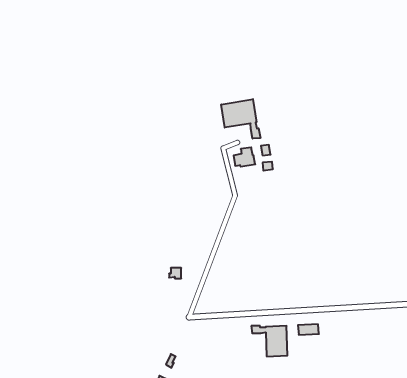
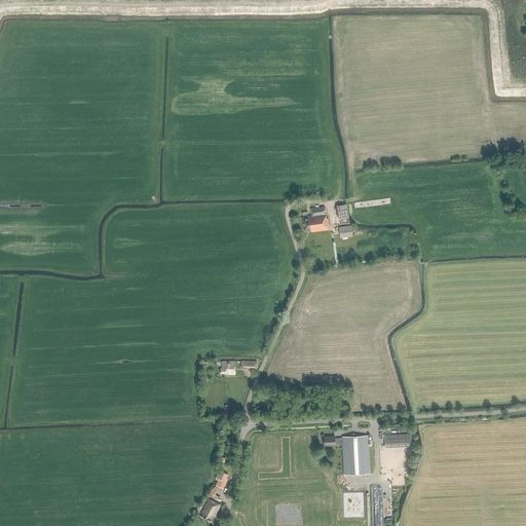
building: [221,99,260,139] -> none

